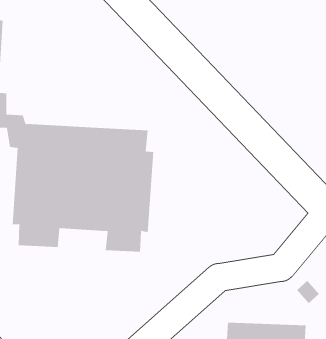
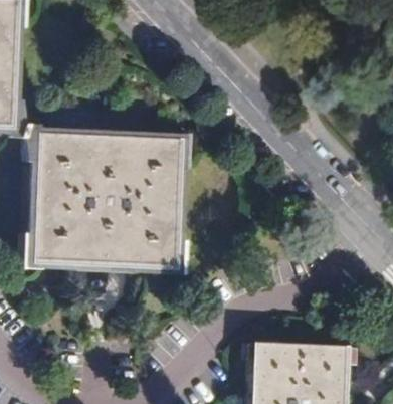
building: none -> [80,243,132,266]

